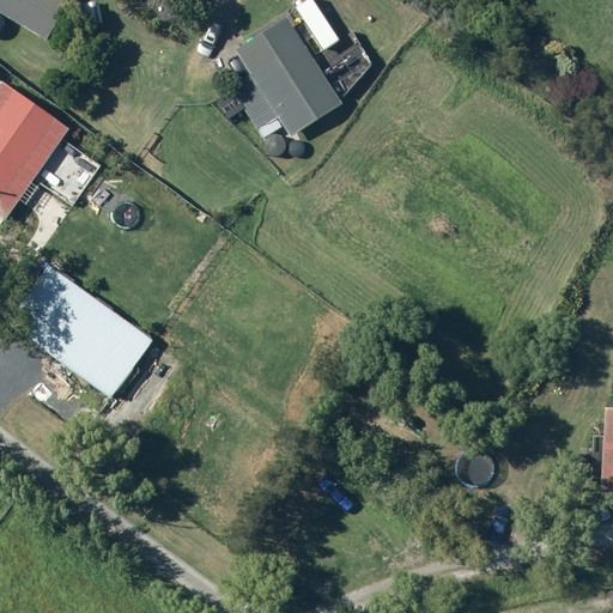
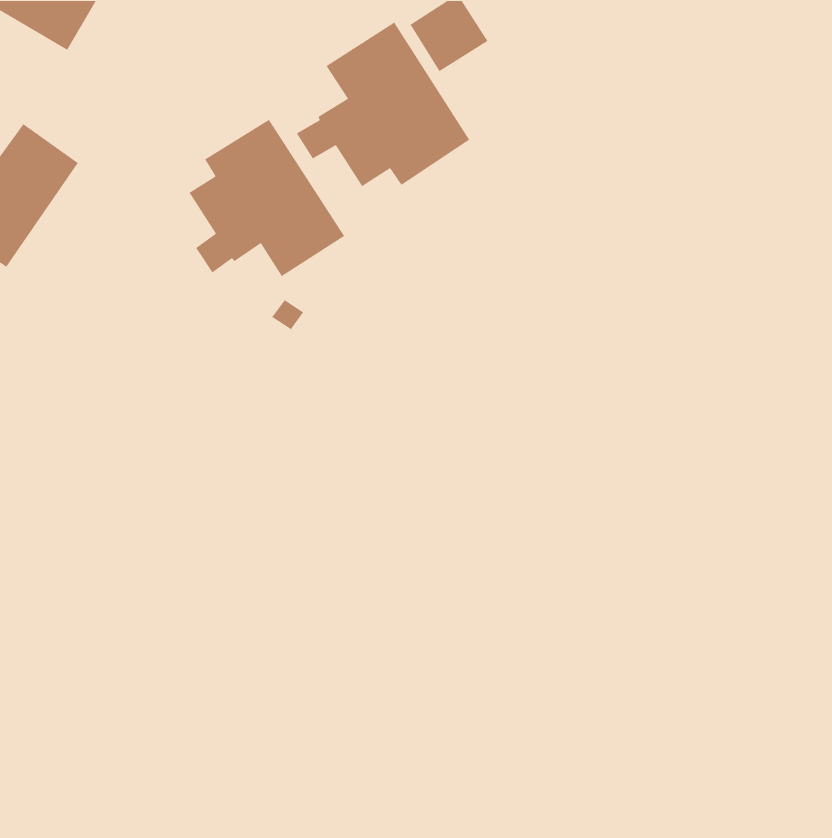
building: none -> [189,119,345,277]
building: [8,266,154,399] -> none

